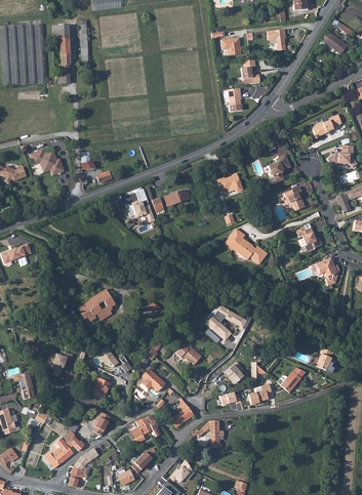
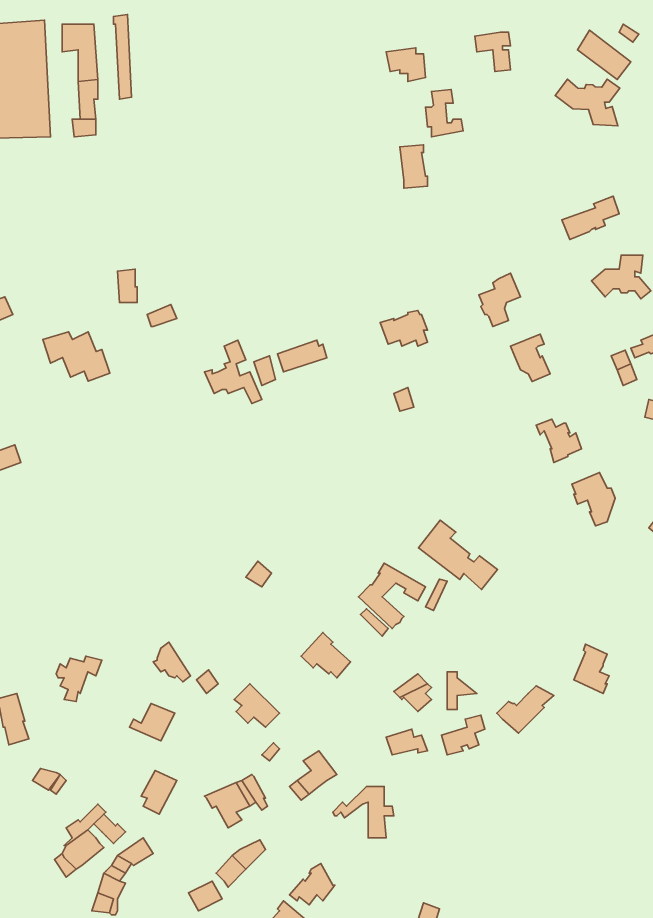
building: none -> [555,79,620,126]
building: [28,149,63,174] -> [43,332,110,381]
building: [226,228,267,263] -> [418,520,497,589]
building: [79,289,114,321] -> none

